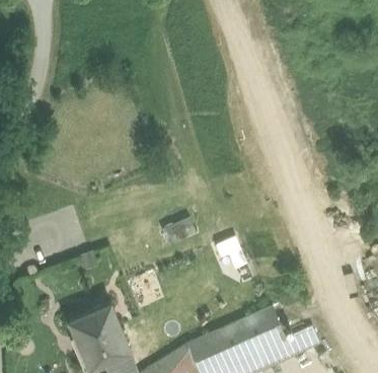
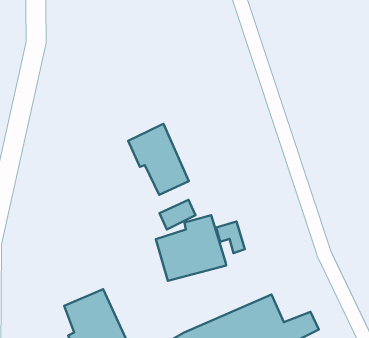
building: none -> [128,124,189,195]
building: none -> [156,215,226,281]

